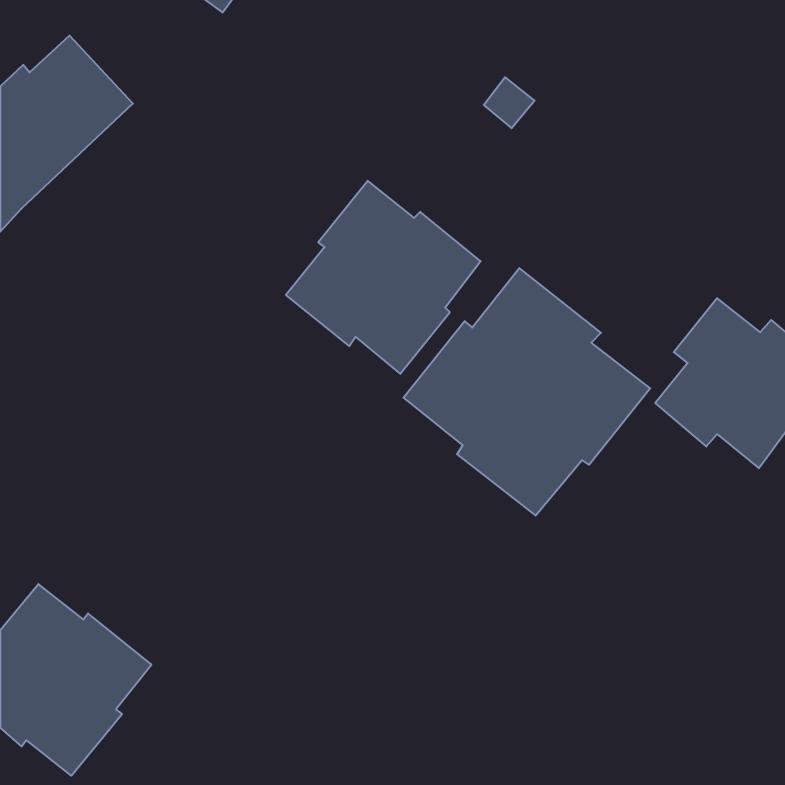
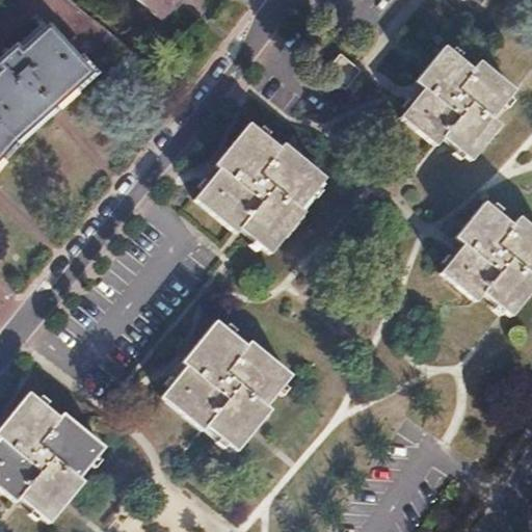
building: none -> [402,41,517,156]
building: [403,268,650,516] -> none
building: none -> [163,319,291,449]

